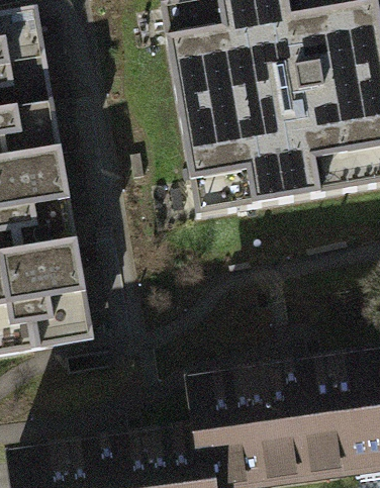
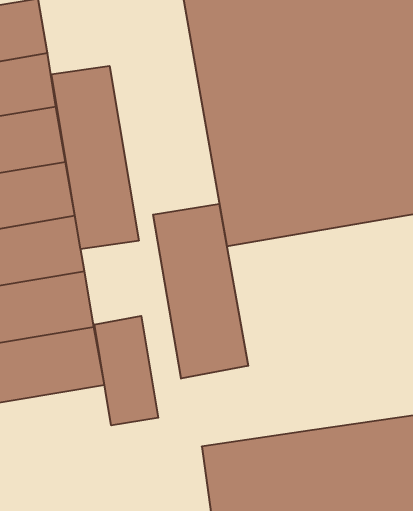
building: none -> [51,66,139,249]
building: none -> [153,204,248,379]
building: none -> [95,316,158,425]

